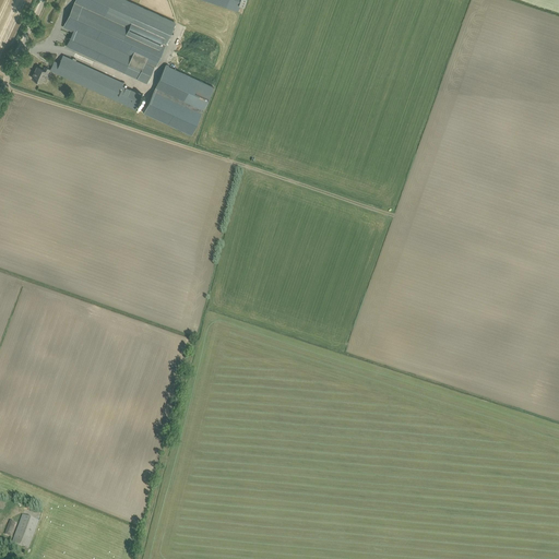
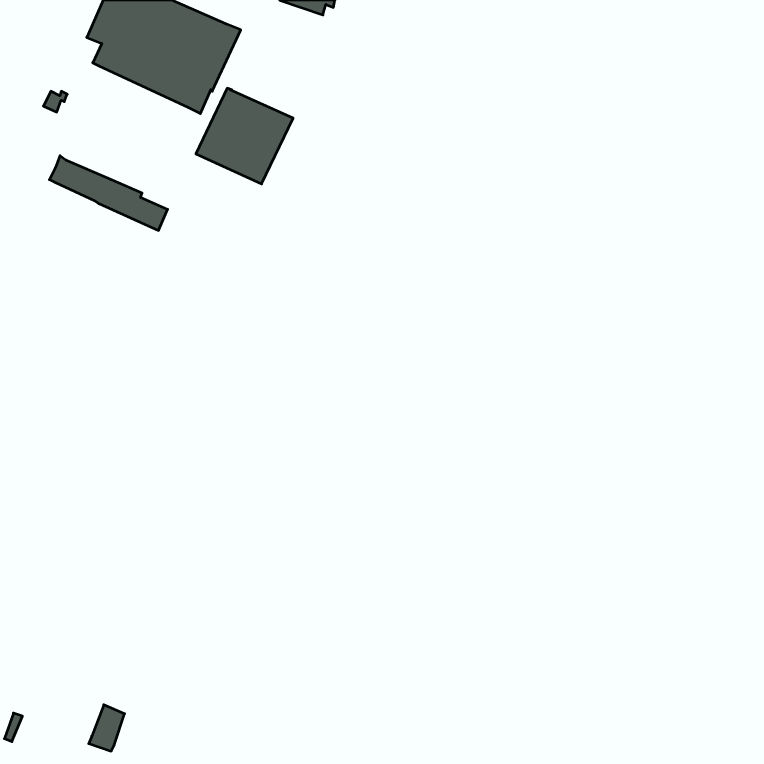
building: [56,55,142,109] -> [49,156,168,230]
building: [12,514,38,548] -> [89,705,125,751]

